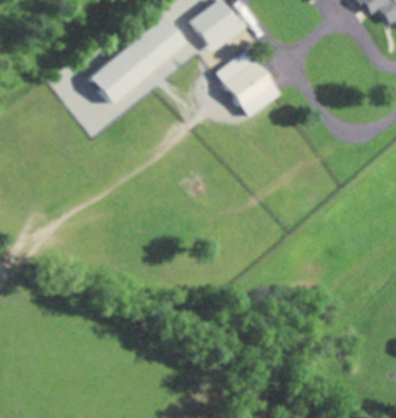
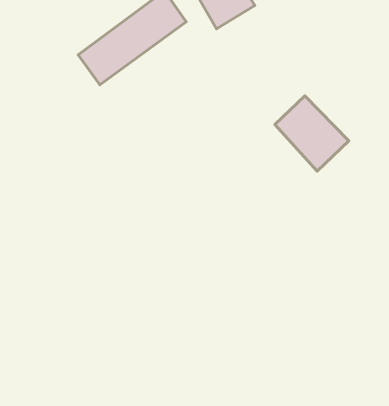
building: [214,51,279,117] -> [275,96,349,171]

